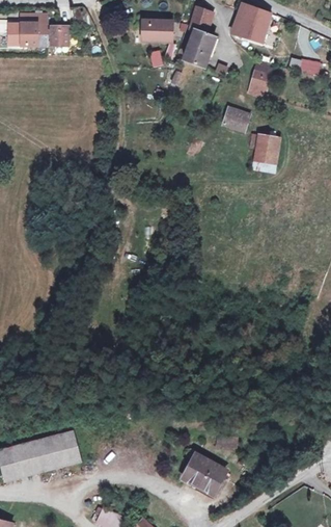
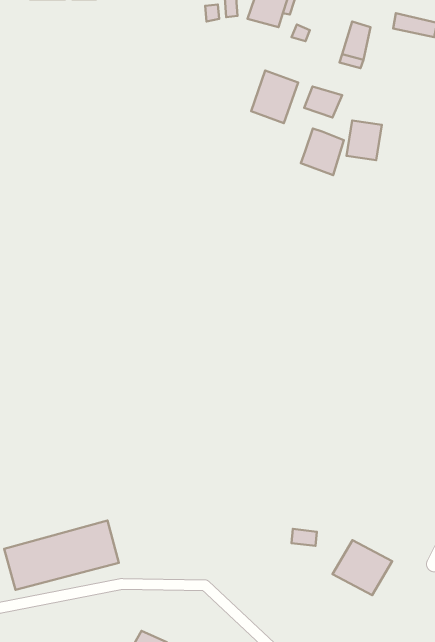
building: none -> [251,70,298,123]
building: none -> [301,129,344,175]
building: [182,452,225,493] -> [333,540,392,595]

